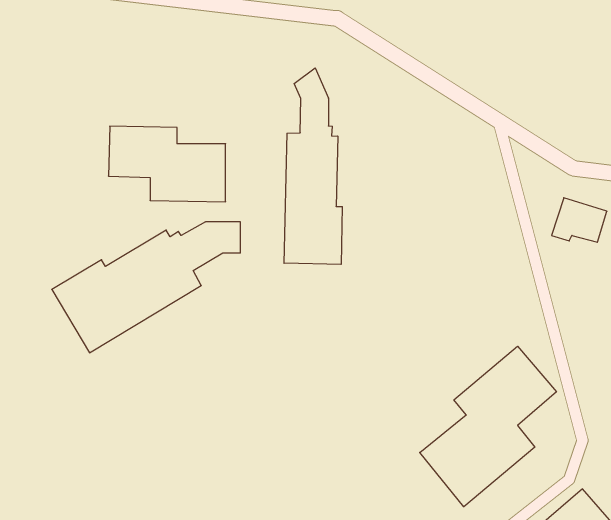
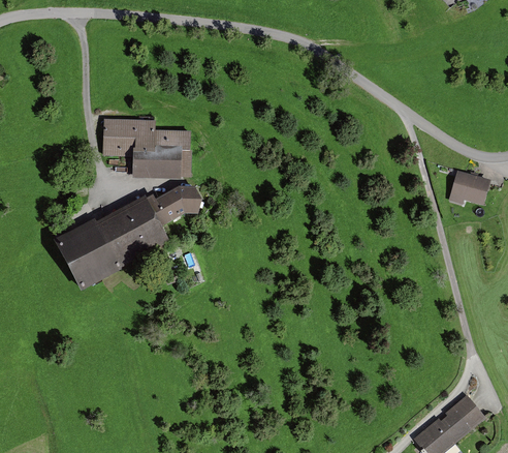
building: [284,68,342,264] -> none
building: [420,346,556,507] -> none

